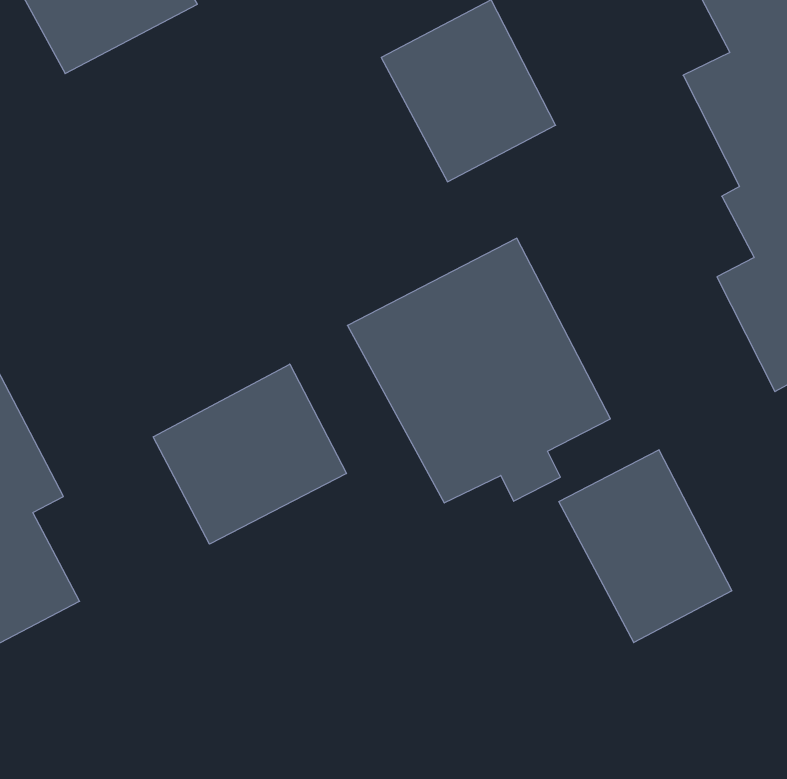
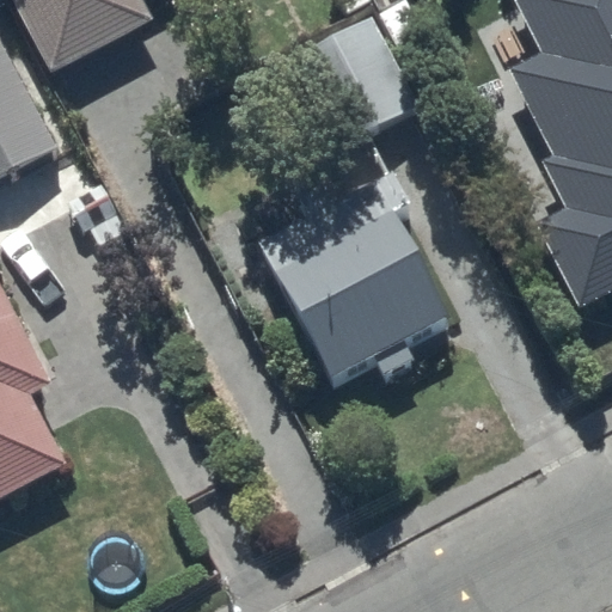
building: [153,364,346,544] -> none
building: [559,450,732,643] -> none

